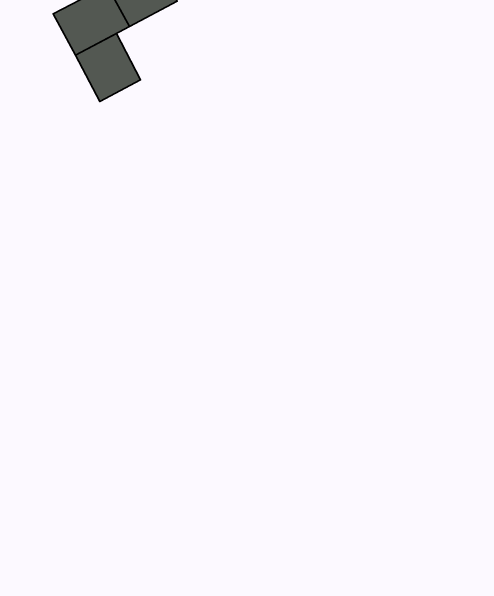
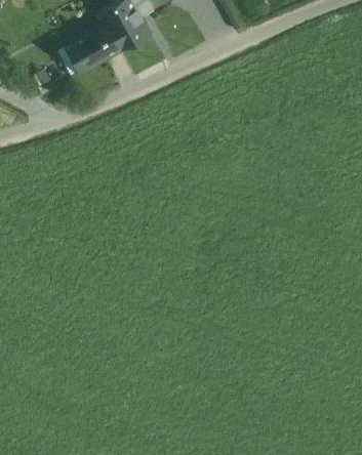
building: [76,33,141,101] -> none

